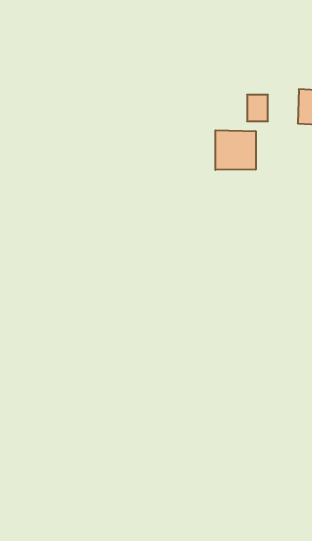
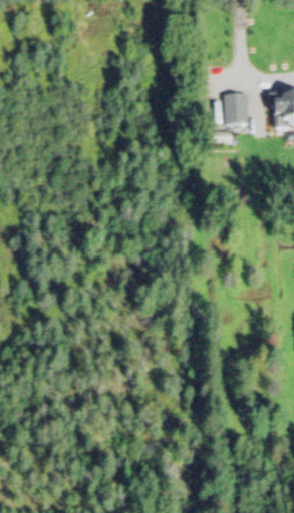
building: [215,130,256,170] -> none

